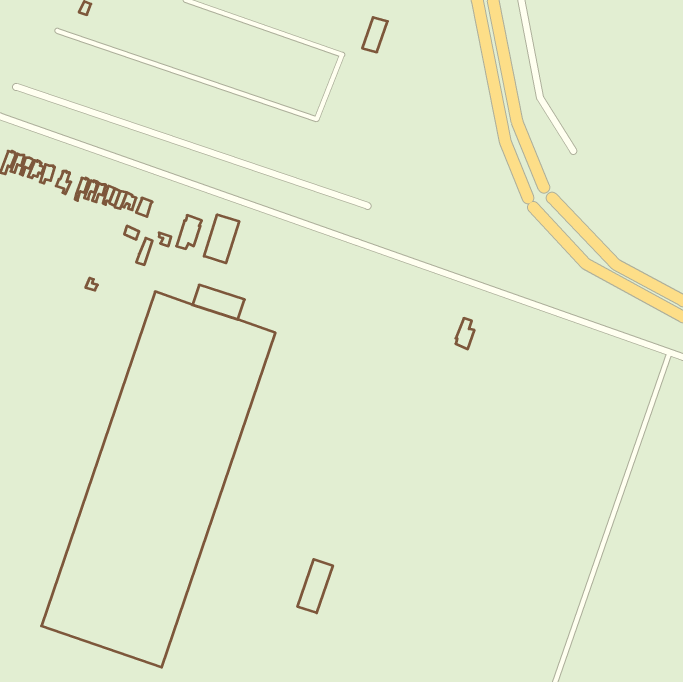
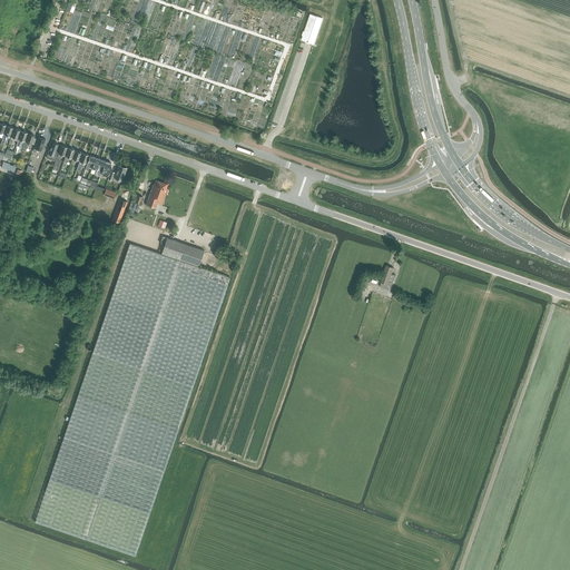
building: [204,215,239,263] -> none
building: [298,559,333,613] -> none

